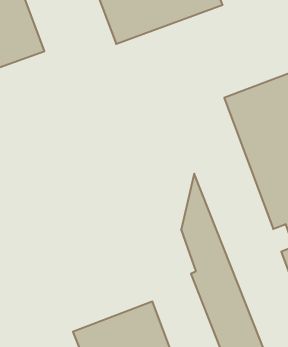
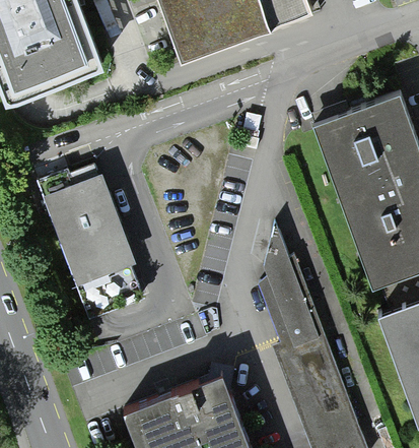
building: none -> [43,169,145,315]

